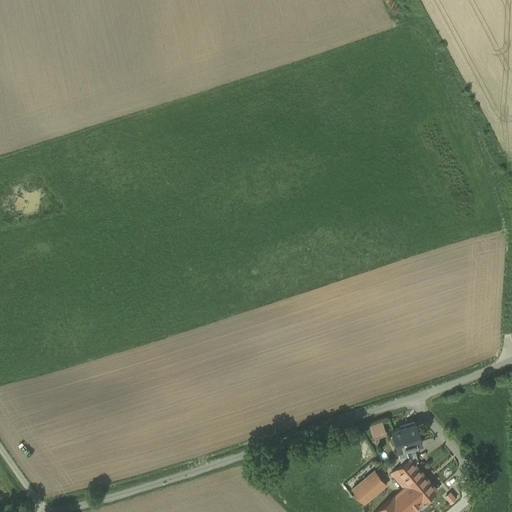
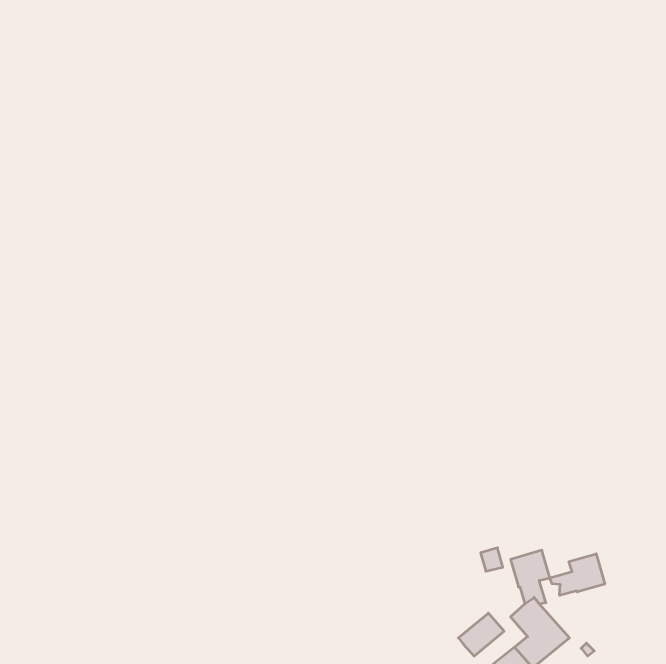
building: none -> [550,554,605,595]

